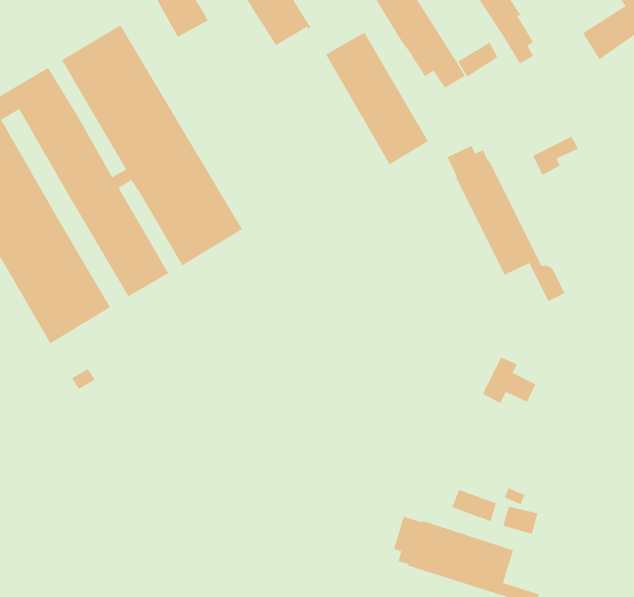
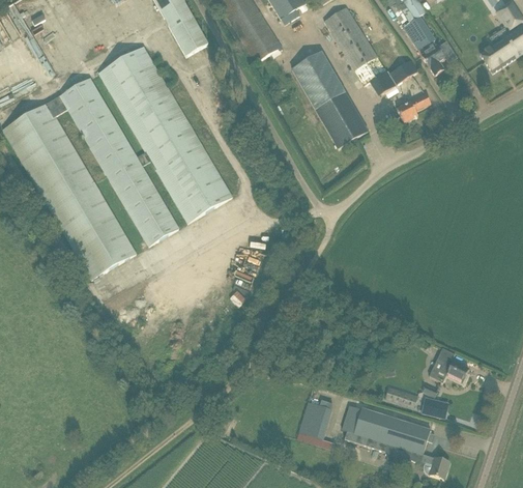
building: [532,136,579,176] -> [397,93,431,122]
building: [447,145,565,302] -> none
building: [482,357,536,404] -> [429,347,468,381]
building: none -> [297,399,332,449]

